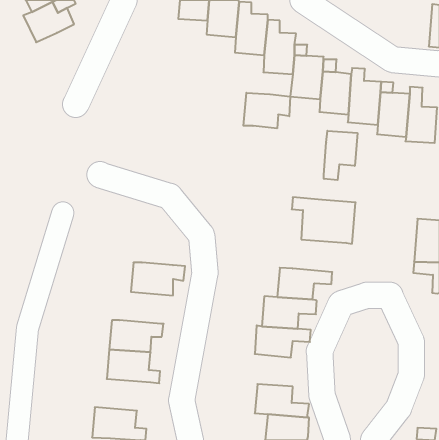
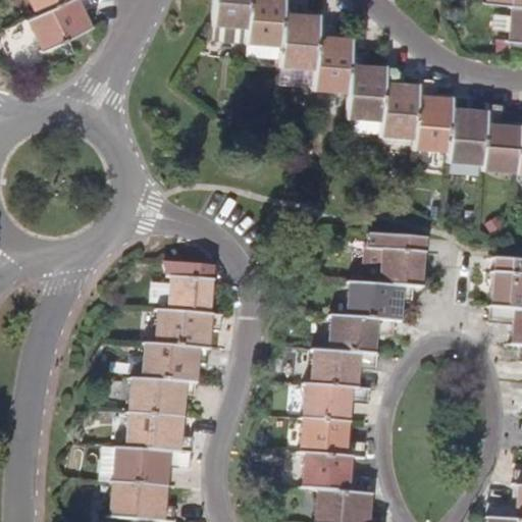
building: [243,93,290,128] -> none
building: [324,131,357,180] -> none
building: none -> [169,263,210,314]
building: none -> [348,282,411,322]
building: none -> [143,345,208,383]
building: none -> [300,419,365,459]
building: none -> [113,448,179,486]

